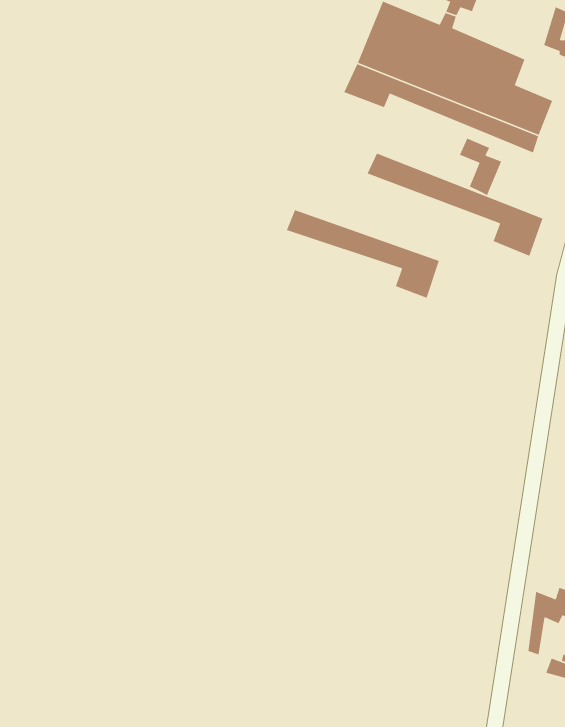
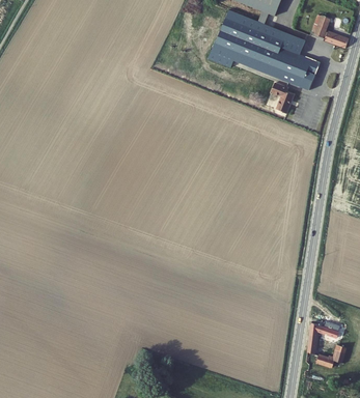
building: [367,152,543,257] -> none
building: [286,209,440,299] -> none

